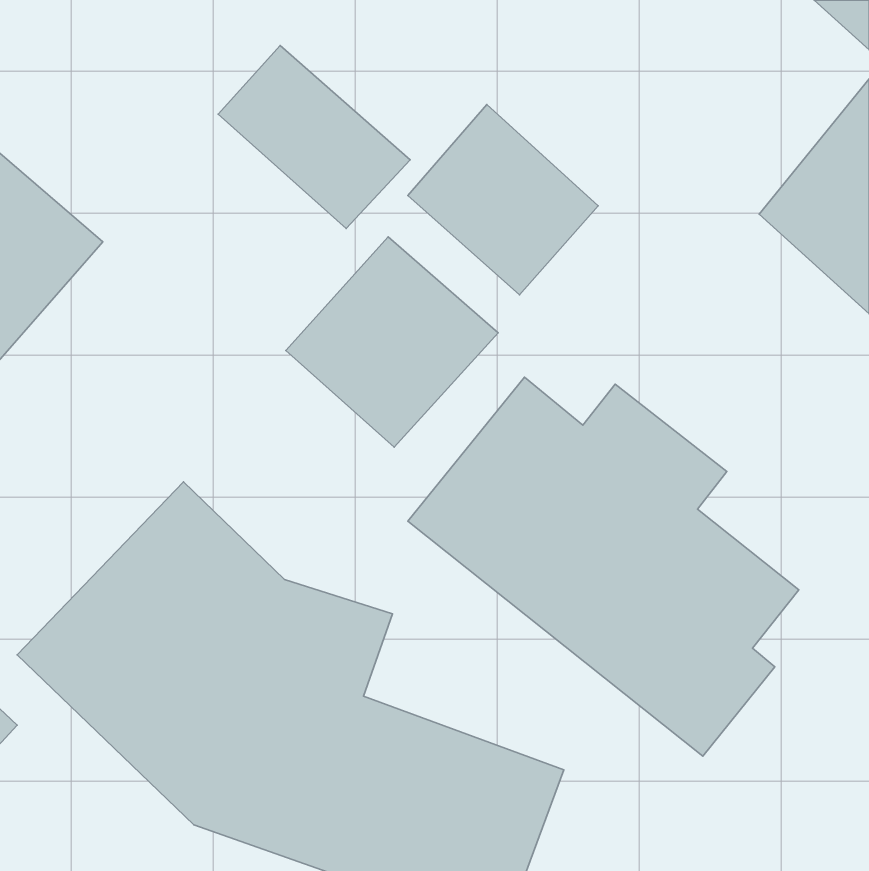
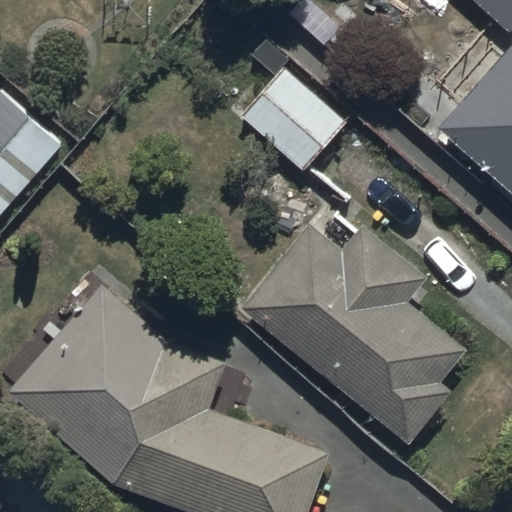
building: [218,45,410,229] -> none
building: [286,237,498,447] -> none

